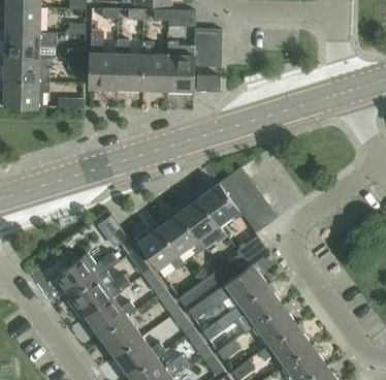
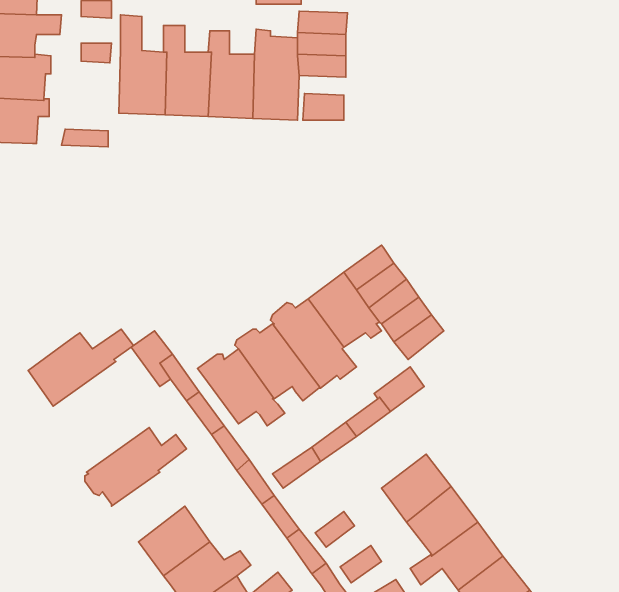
building: [56,253,117,297] -> [28,329,134,406]
building: [189,266,266,322] -> none
building: [85,297,134,338] -> none

